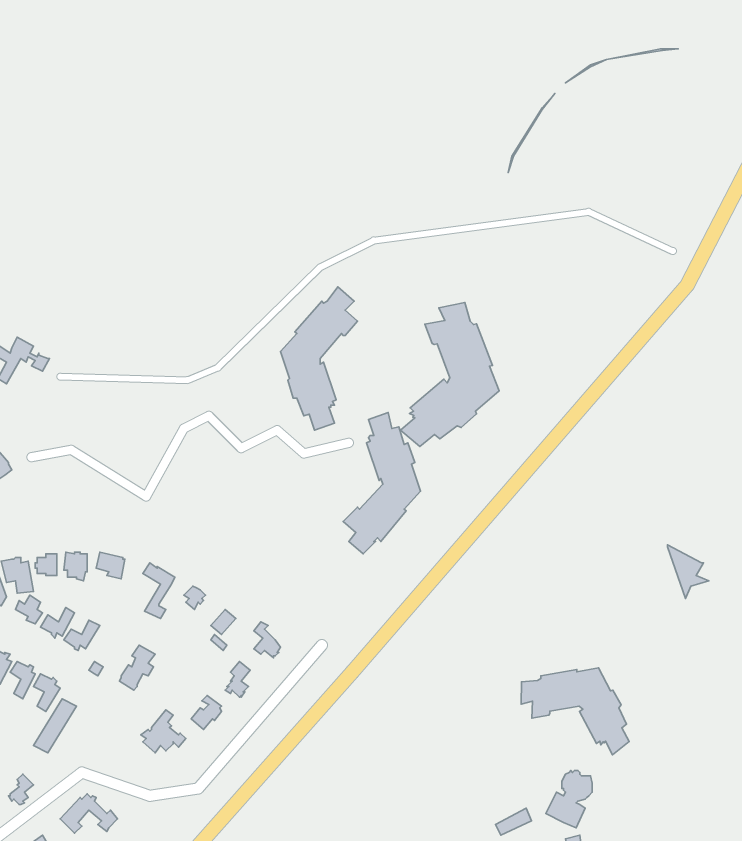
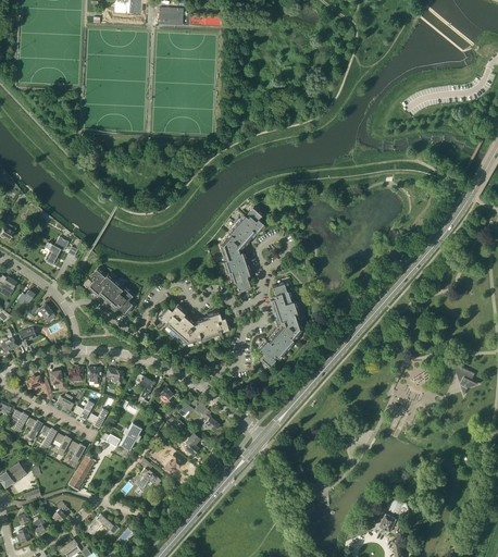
building: [401,303,499,447] -> none
building: none -> [87,268,134,314]
building: none -> [158,305,229,345]
building: [521,668,629,755] -> none

